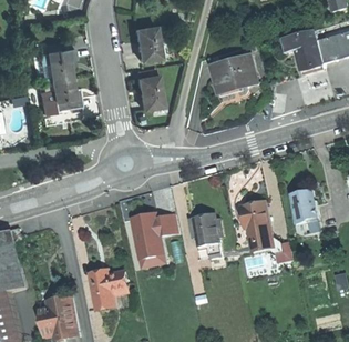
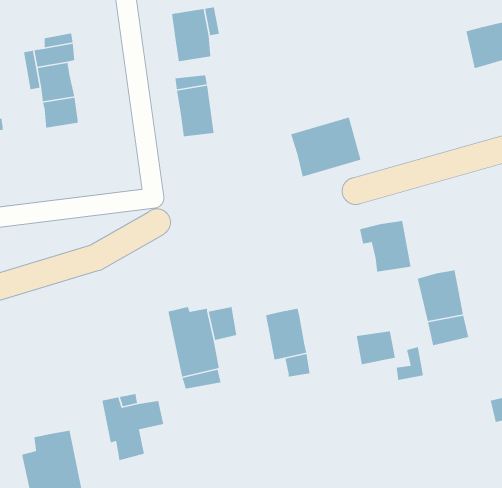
building: [289,27,328,70] -> none
building: [217,54,263,93] -> [290,117,362,177]
building: [41,89,83,113] -> none
building: [242,200,275,233] -> [359,220,411,272]

